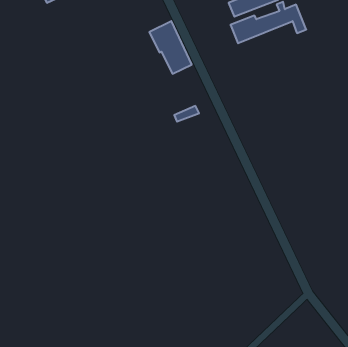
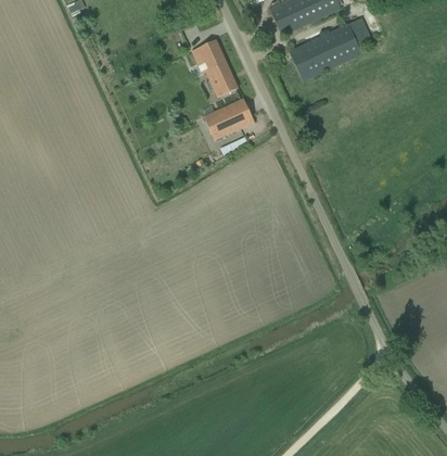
building: none -> [295,38,363,78]
building: none -> [206,103,256,137]

